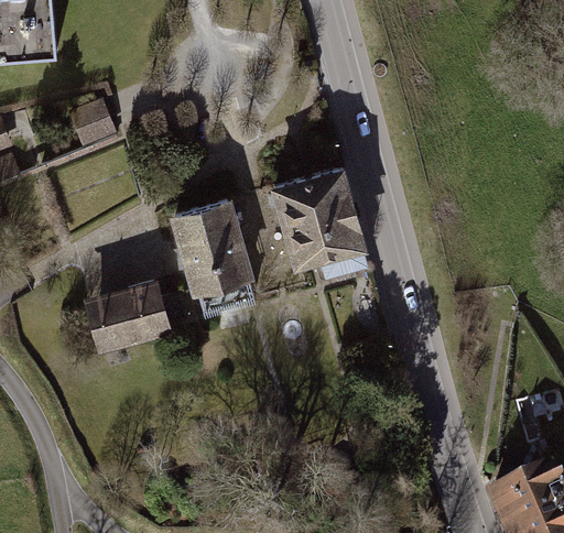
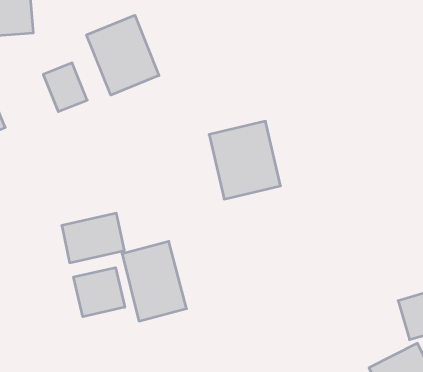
building: none -> [87,15,159,95]
building: [173,204,253,303] -> [122,241,187,321]
building: none -> [74,268,125,317]

